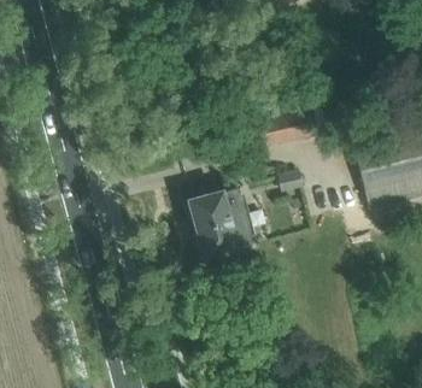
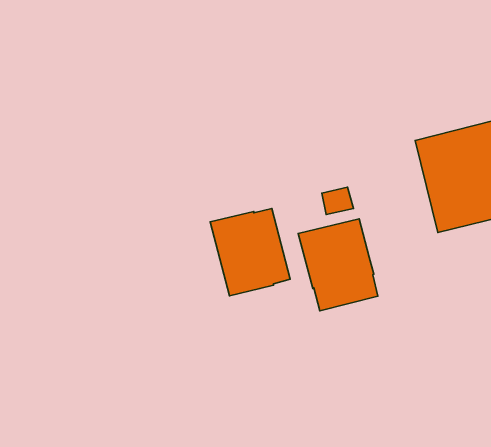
building: none -> [298,219,378,311]

